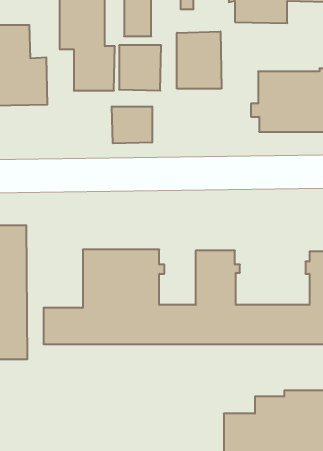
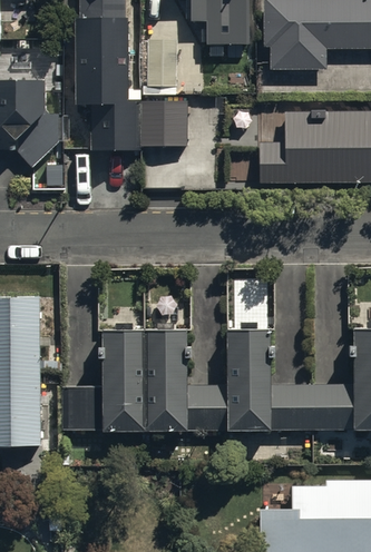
building: [177,31,221,89] -> none
building: [112,106,152,143] -> none

